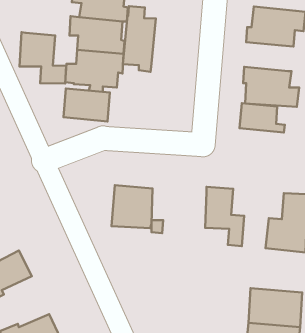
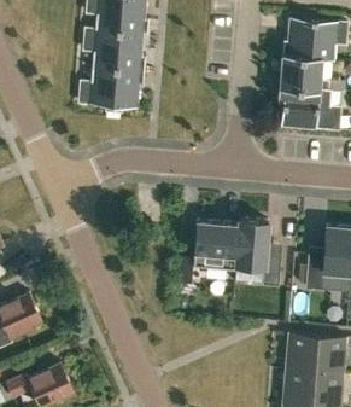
building: [123,6,156,72] -> none
building: [20,32,66,84] -> none
building: [64,89,110,121] -> none
building: [240,103,285,132] -> [280,58,330,91]
building: [111,185,152,228] -> [192,222,238,271]

